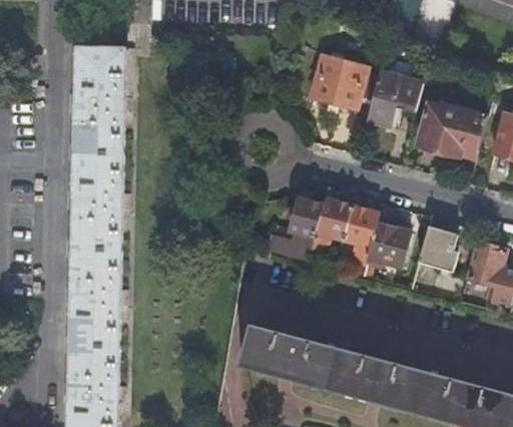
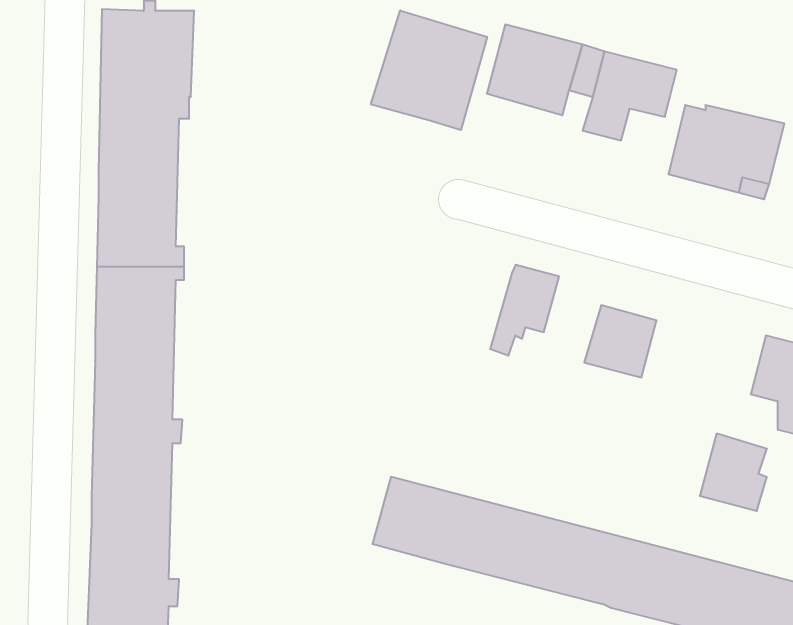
building: none -> [371,10,487,130]
building: [266,196,323,261] -> none
building: [342,205,379,264] -> none
building: [417,225,457,271] -> [700,434,767,511]

